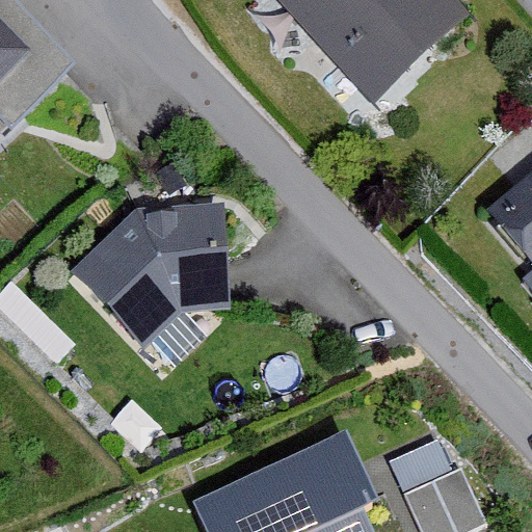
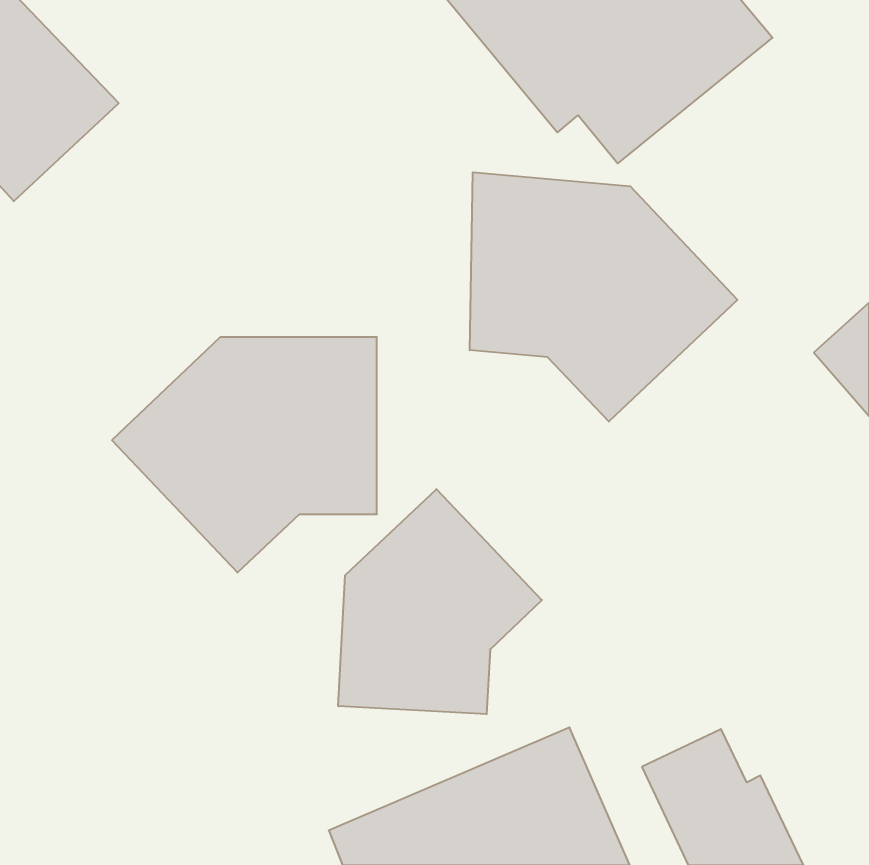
building: none -> [470,172,737,422]
building: none -> [338,489,542,714]

